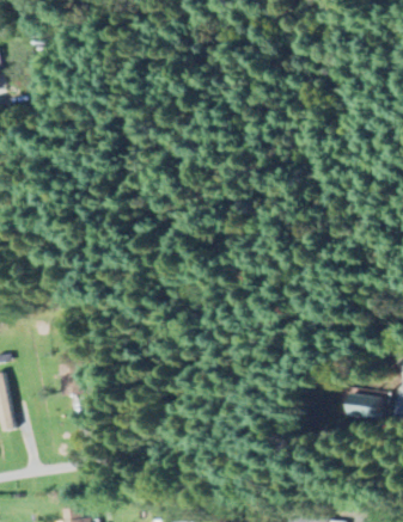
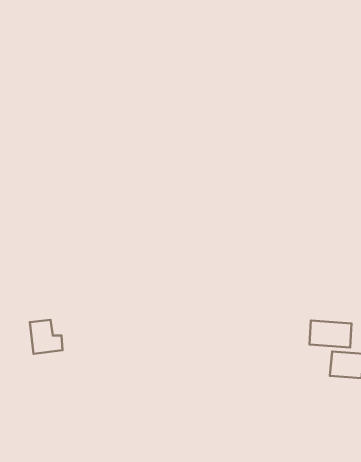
building: none -> [310,320,351,348]

